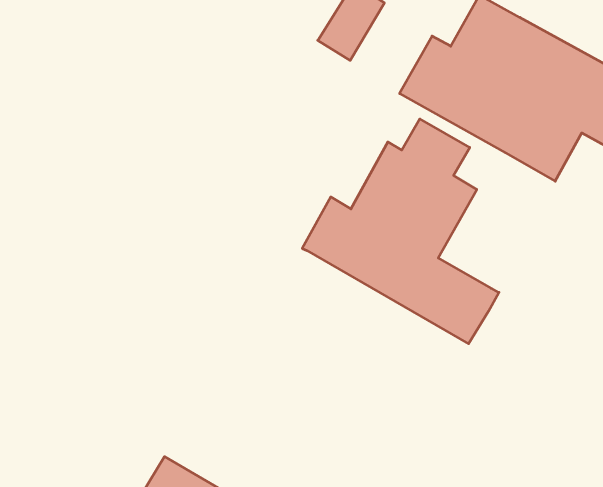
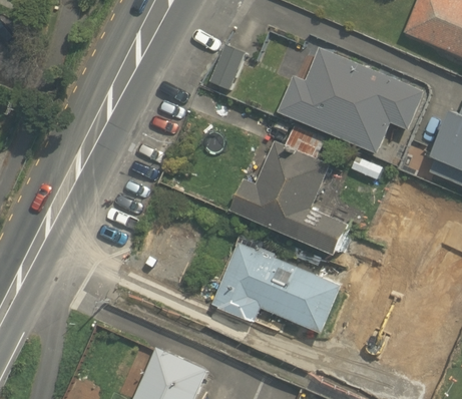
building: none -> [205,238,343,335]

